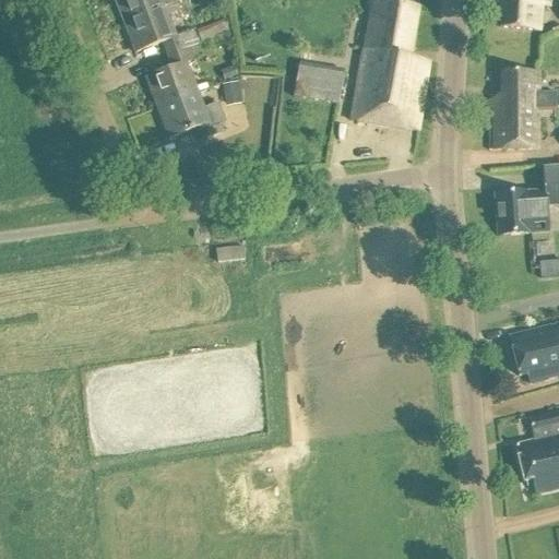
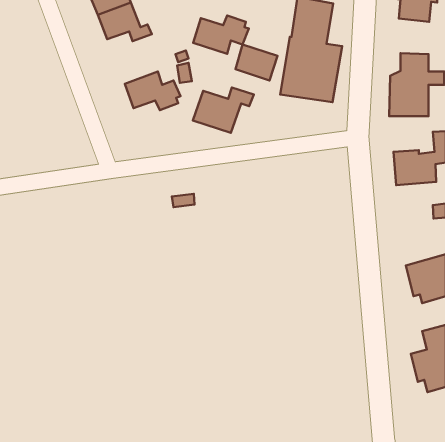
building: none -> [193,15,249,54]
building: [145,43,199,105] -> none
building: none -> [193,87,254,133]

